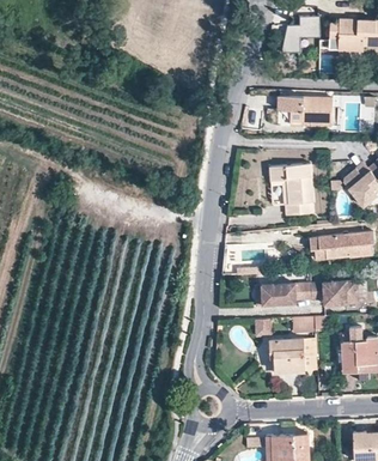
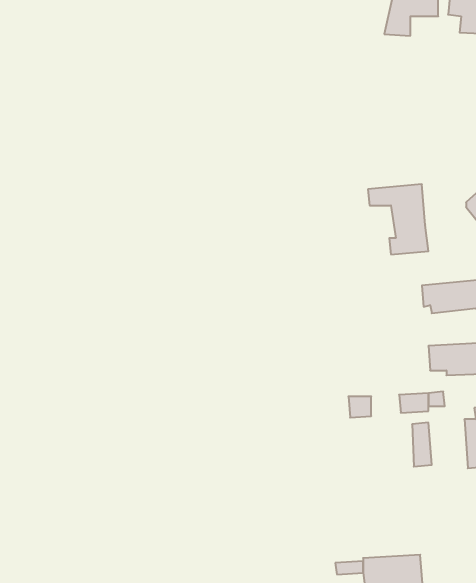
building: [276,98,330,126] -> none
building: [266,283,316,305] -> none
building: [270,340,304,371] -> none

